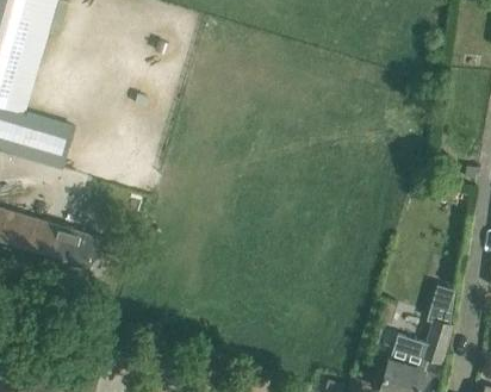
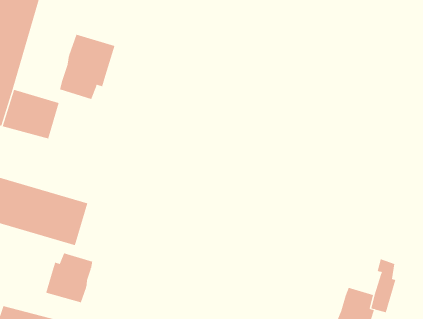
building: none -> [60,34,115,100]
building: none -> [46,252,93,303]

